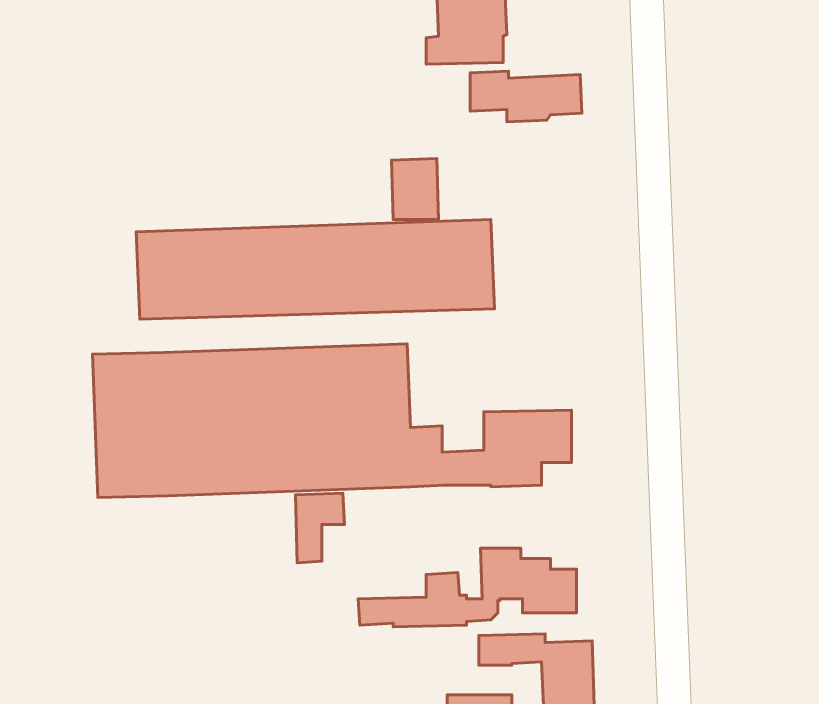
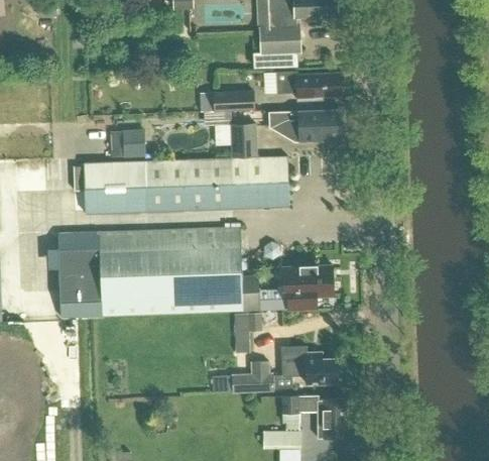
building: none -> [200,91,255,112]
building: none -> [268,111,343,141]
building: none -> [124,129,146,156]
building: [296,493,344,563] -> [234,313,262,353]

